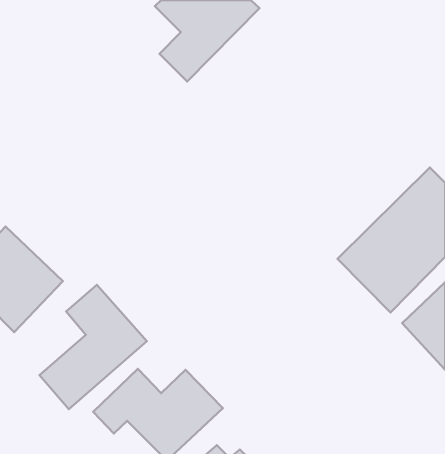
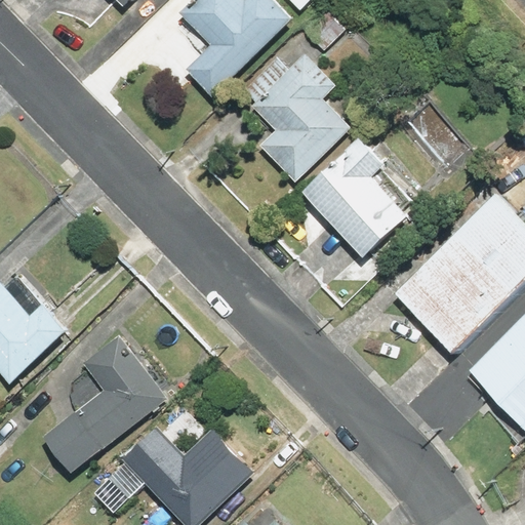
building: none -> [239,38,355,180]
building: none -> [302,138,421,257]

